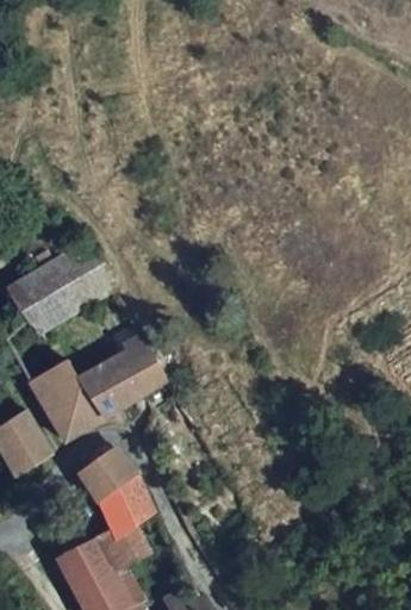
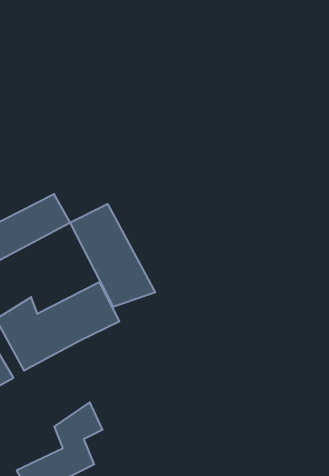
building: none -> [70,204,155,307]
building: [77,448,141,504] -> none

